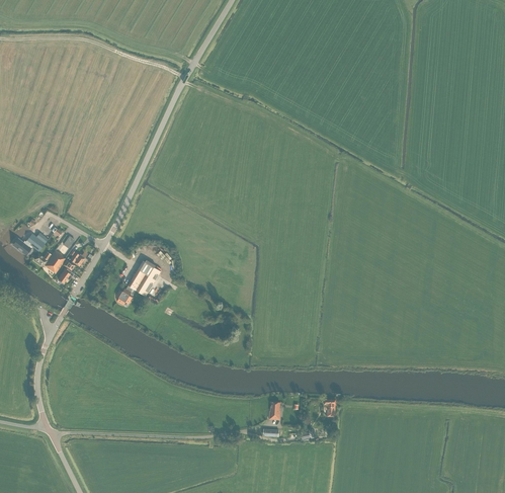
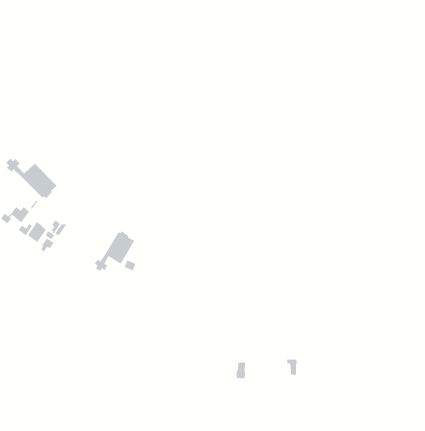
building: none -> [5,158,58,199]

